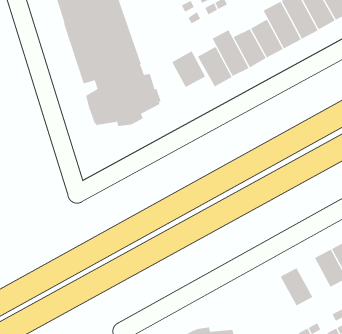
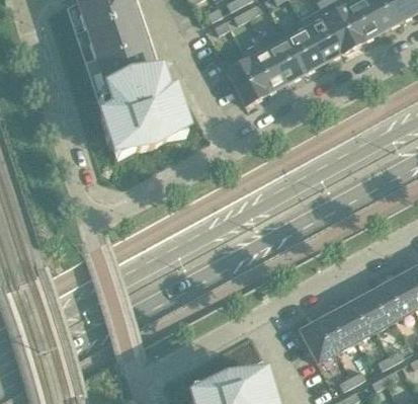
building: [171,50,206,88] -> none
building: none -> [339,297,377,341]
building: none -> [300,318,338,362]

